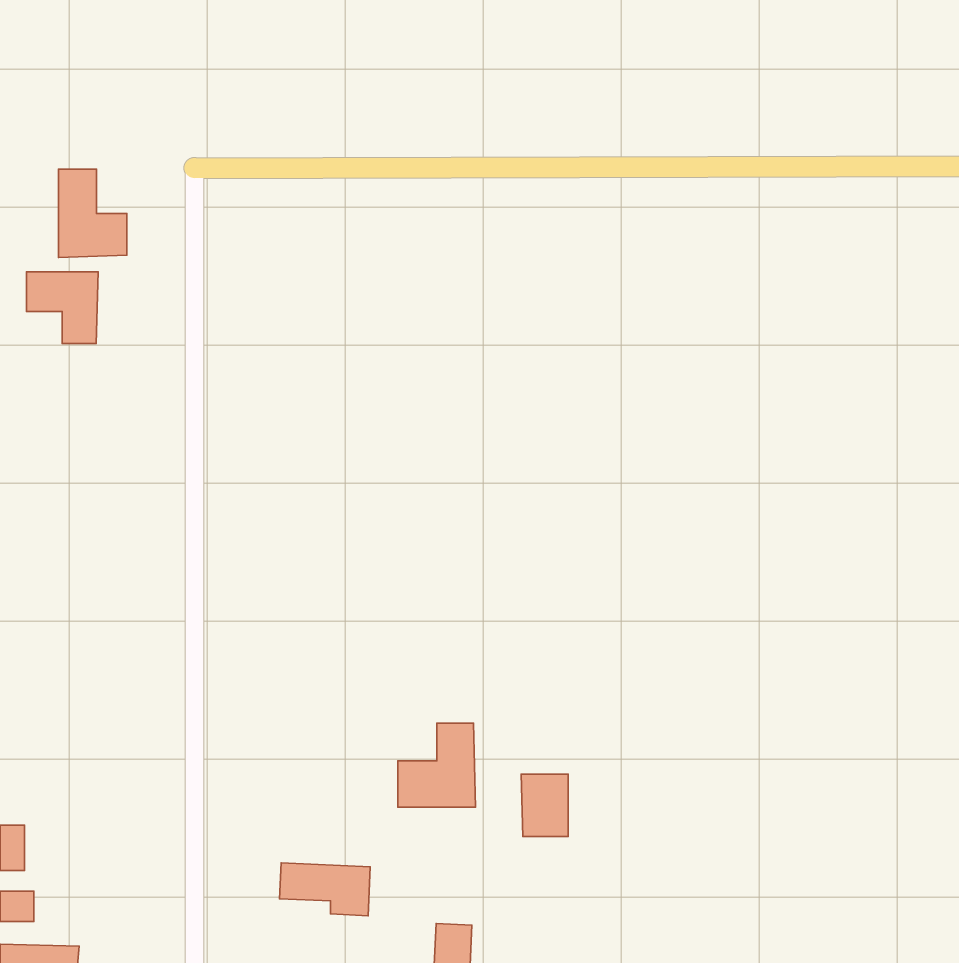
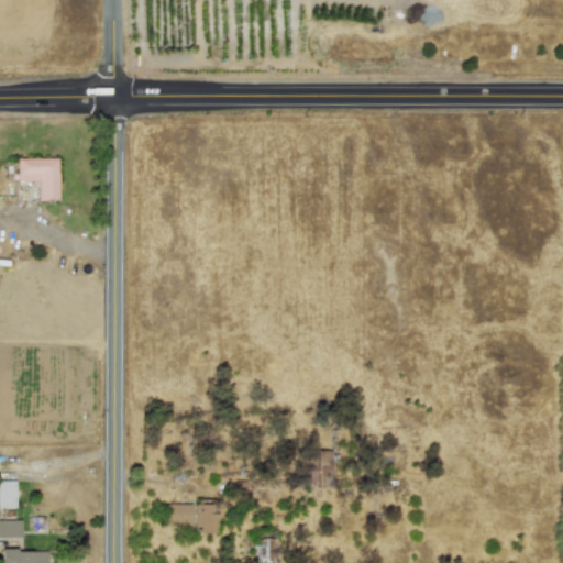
building: [59,169,127,258] -> none
building: [398,723,476,807] -> none

